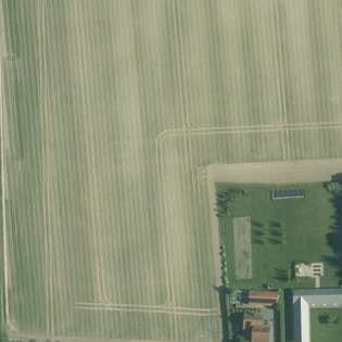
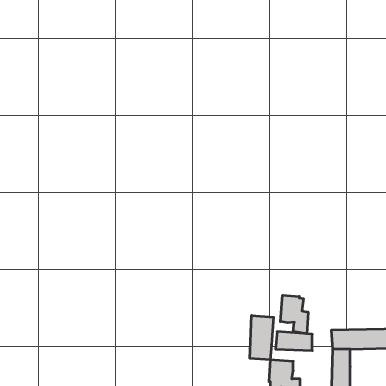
building: none -> [280,295,308,334]
building: none -> [250,315,274,360]

